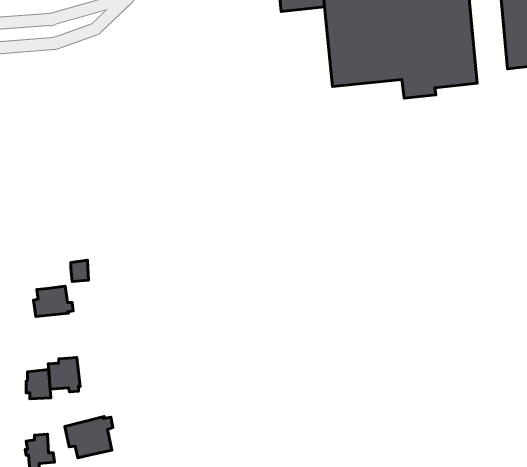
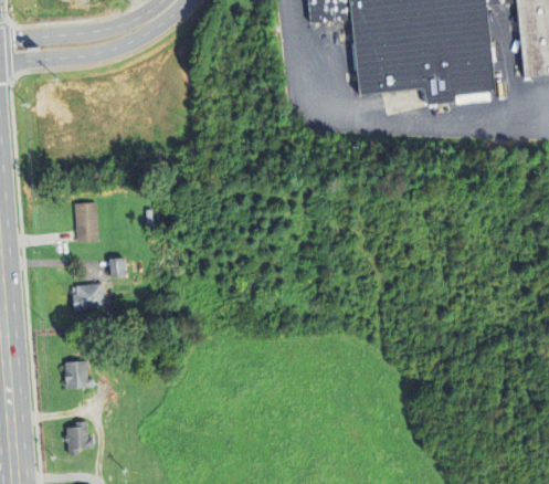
building: none -> [76,201,102,241]
building: [48,357,80,392] -> none
building: [65,417,113,458] -> none

